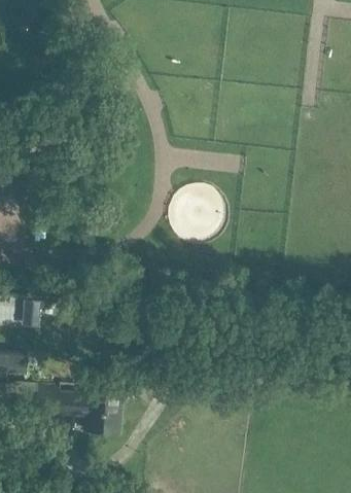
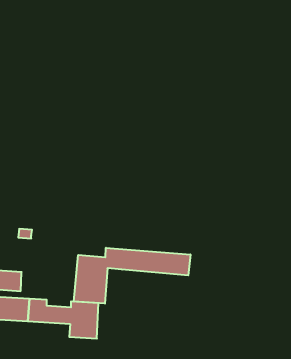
building: none -> [74,248,190,304]

